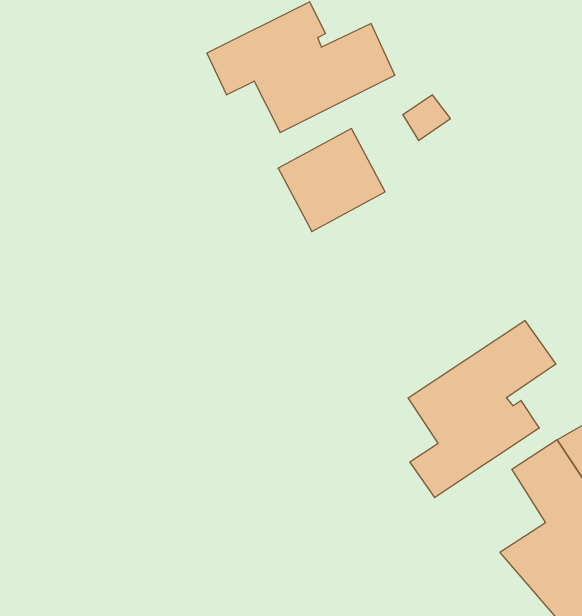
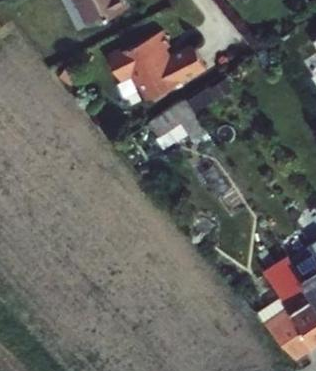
building: [408,321,556,498] -> none

